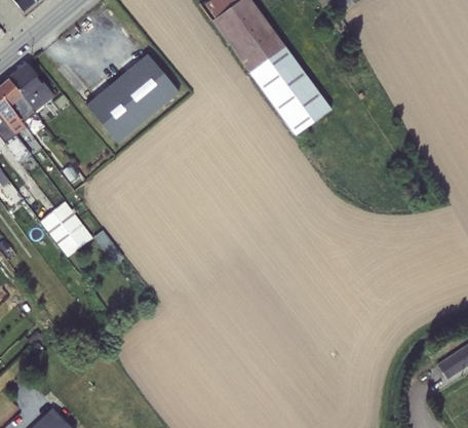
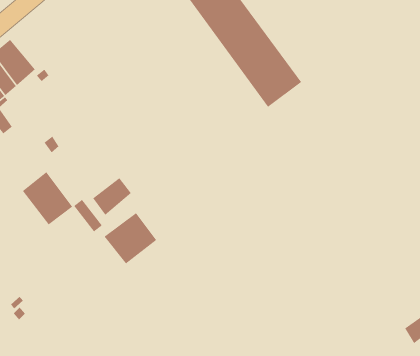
building: [85,53,179,143] -> none
building: none -> [92,177,132,216]
building: none -> [104,212,157,265]

